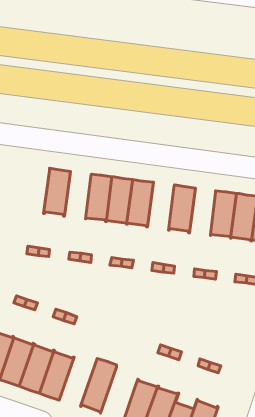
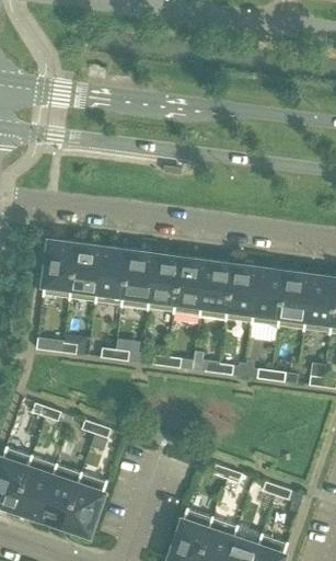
building: none -> [43,239,77,299]
building: none -> [95,247,129,306]
building: none -> [199,260,233,320]
building: none -> [252,267,285,327]
building: [80,358,117,413] -> none

